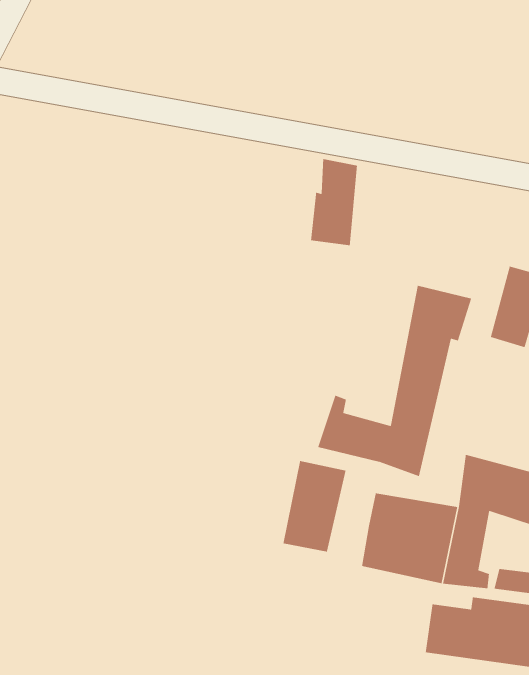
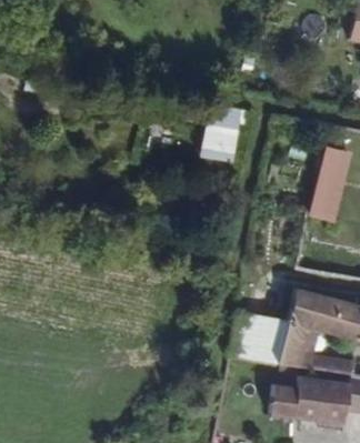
building: [317,285,472,477] -> none
building: [283,460,347,553] -> none

